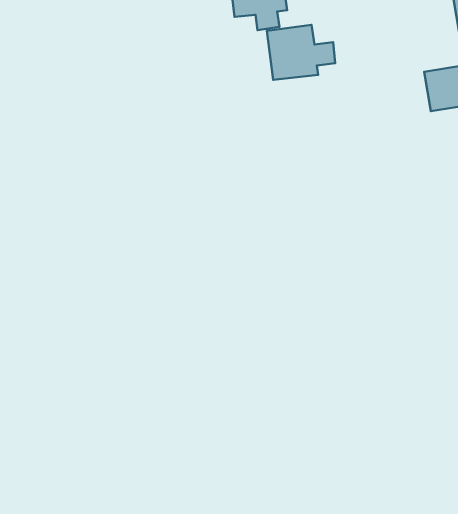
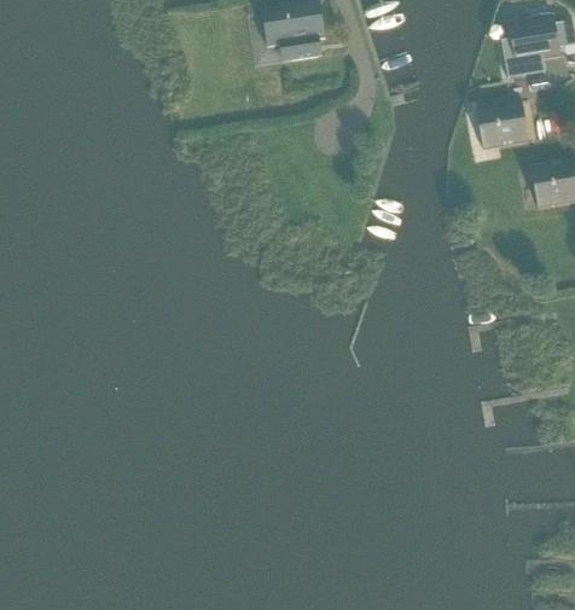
building: [267,25,335,80] -> none

